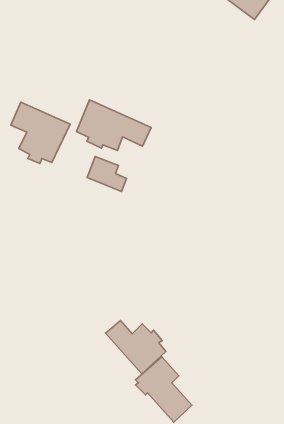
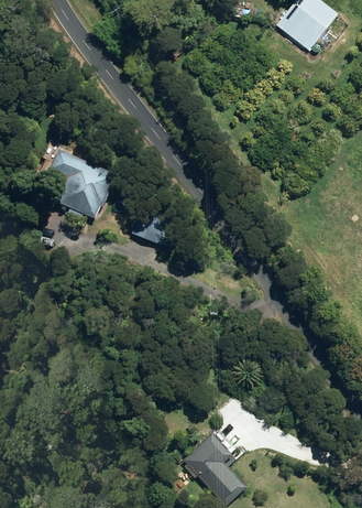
building: [77,100,151,151] -> none
building: [106,320,166,374] -> none

